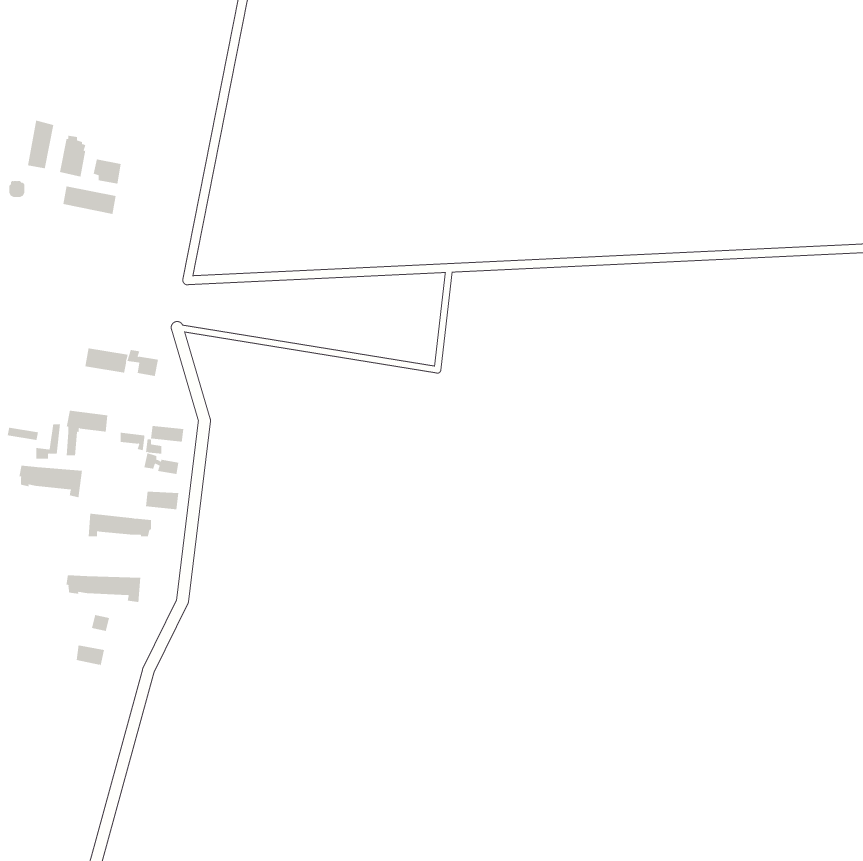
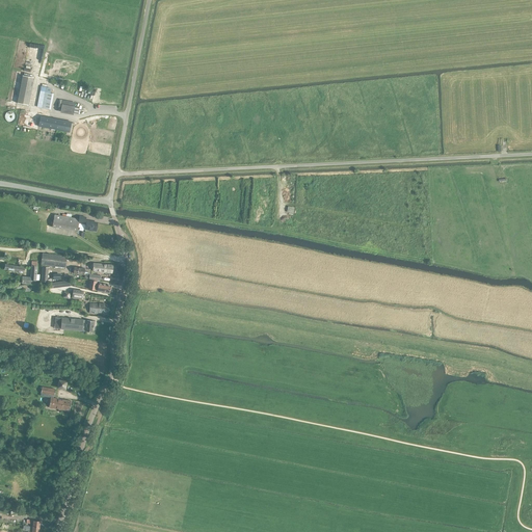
building: [19,465,82,498] -> none
building: [66,575,141,603] -> none

